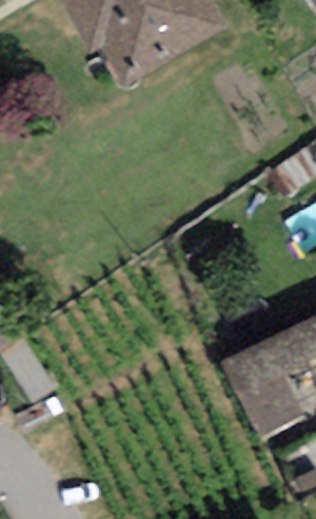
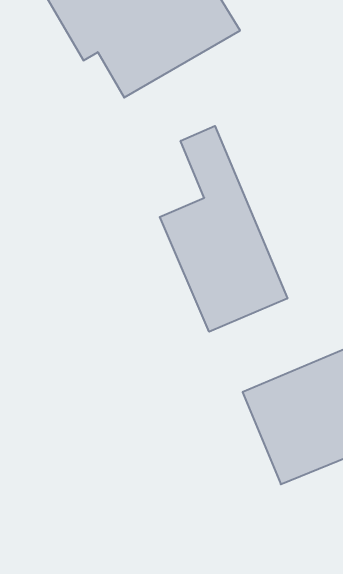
building: none -> [160,126,287,332]

